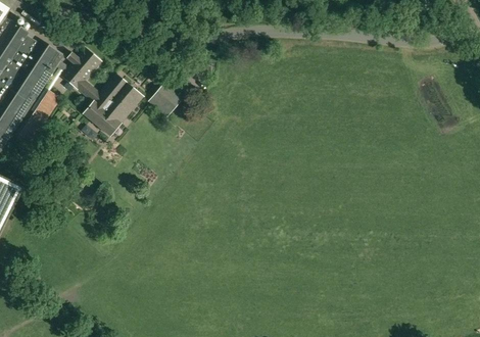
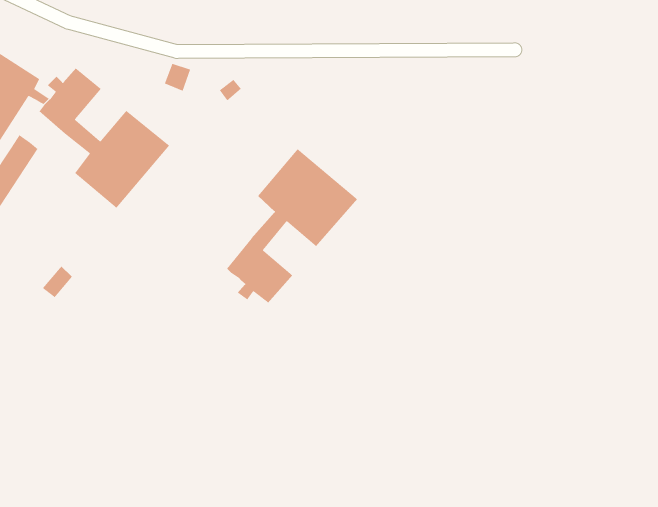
building: [148,82,183,116] -> none
building: none -> [226,148,358,304]

